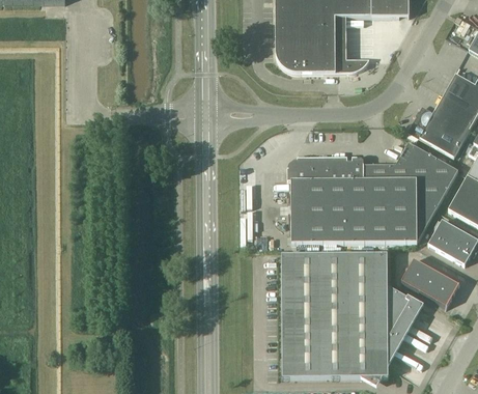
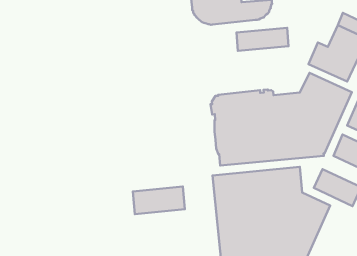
building: none -> [237,28,289,51]
building: none -> [133,187,185,214]

